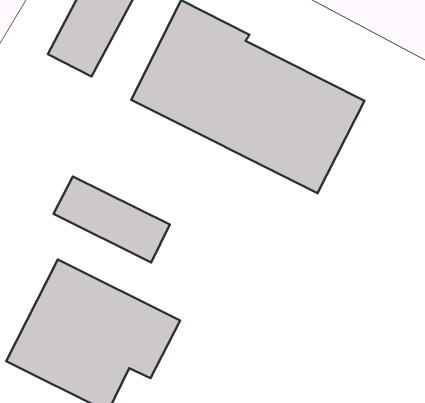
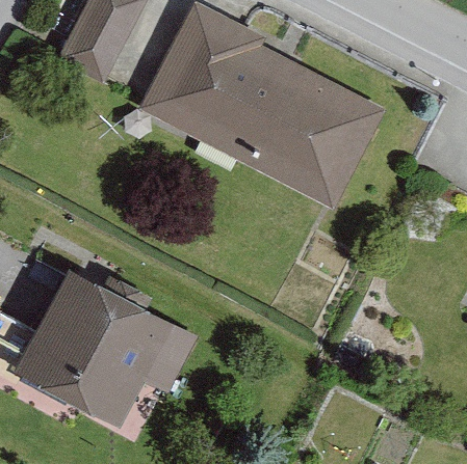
building: [54,177,170,262] -> none

